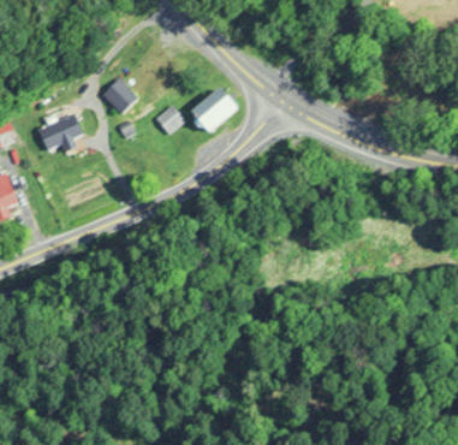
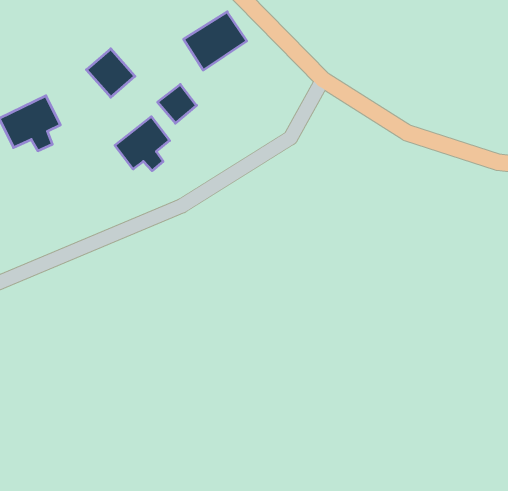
building: [191,89,238,132] -> [184,12,247,70]
building: none -> [115,117,170,171]

